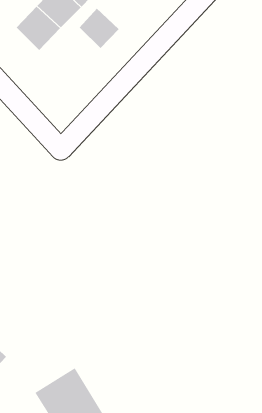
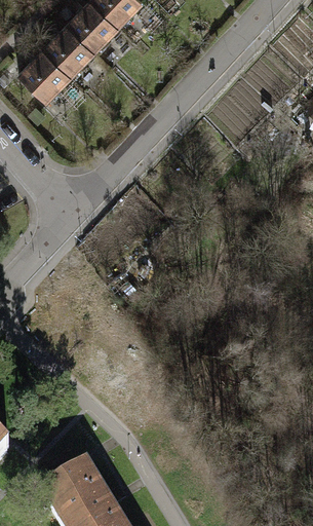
building: [79,8,119,49] -> none

